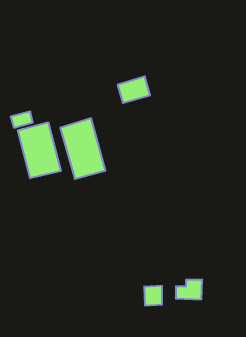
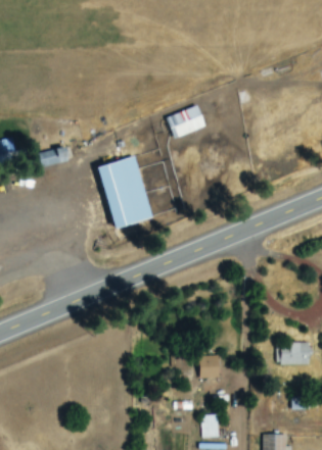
building: [18,122,61,178] -> none
building: [176,280,202,299] -> [278,342,310,365]

